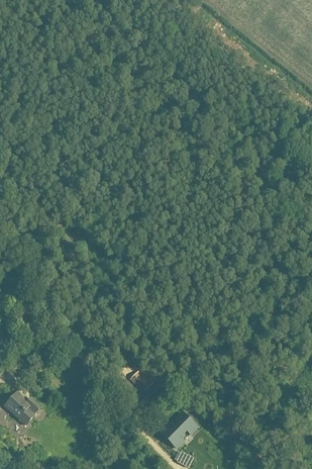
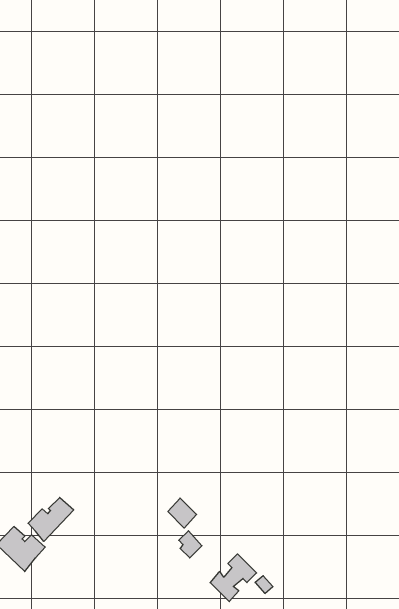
building: none -> [28,497,74,541]

